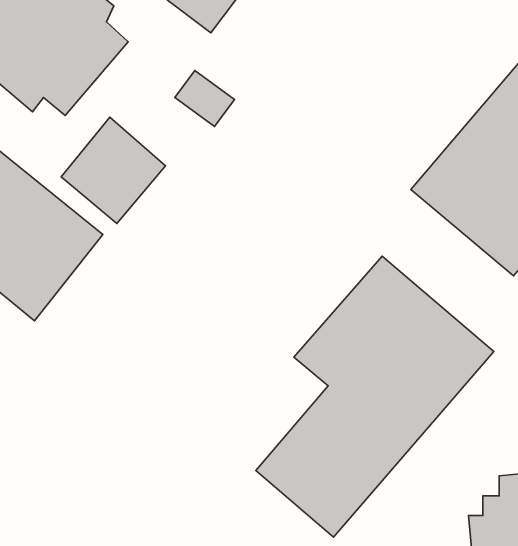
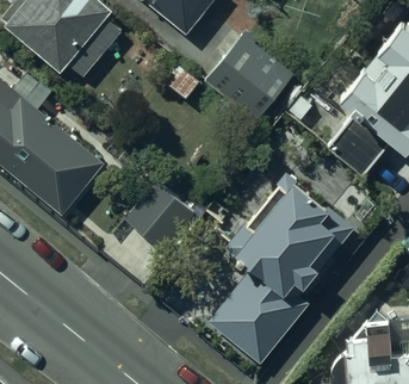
building: none -> [200,38,280,116]
building: [61,117,166,224] -> [120,174,190,244]

